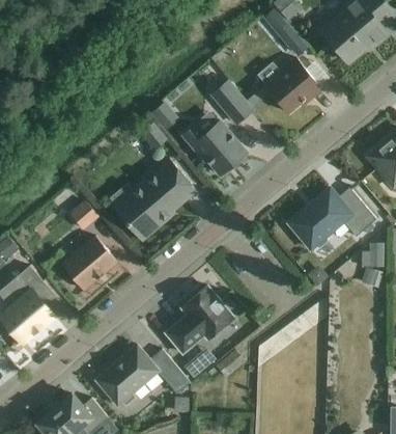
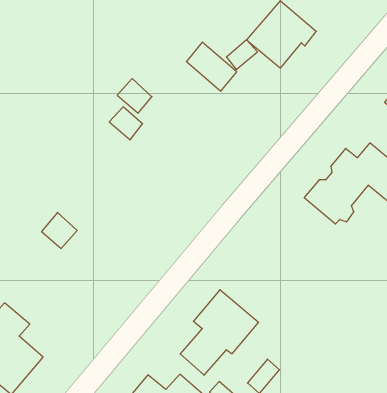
building: [182,121,246,174] -> none
building: [112,158,196,241] -> none
building: [61,236,116,290] -> none

